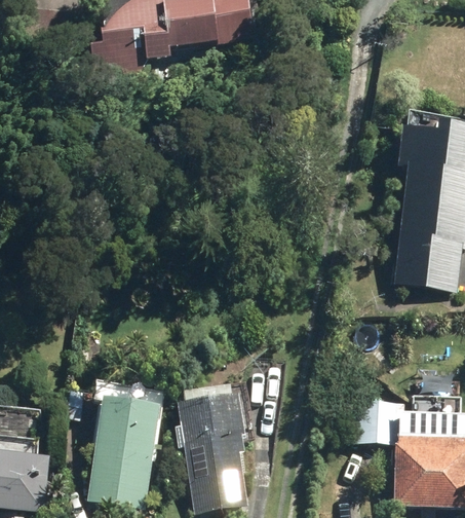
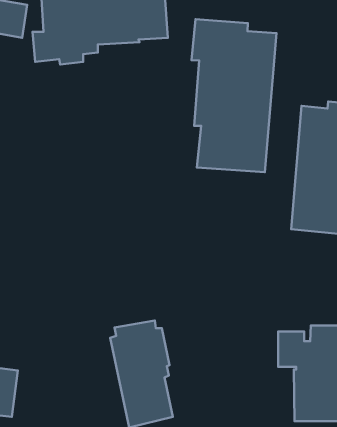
building: none -> [191,19,277,172]
building: [88,400,157,502] -> none

